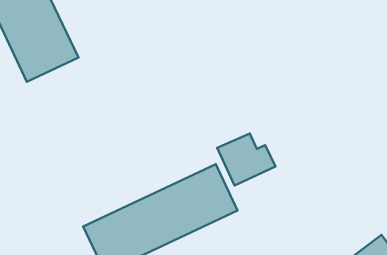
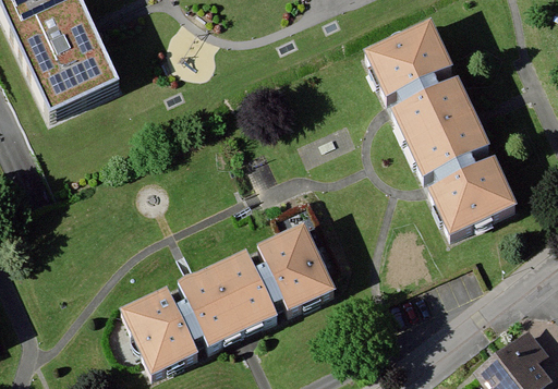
building: none -> [369,25,515,232]
building: [217,133,275,186] -> none

